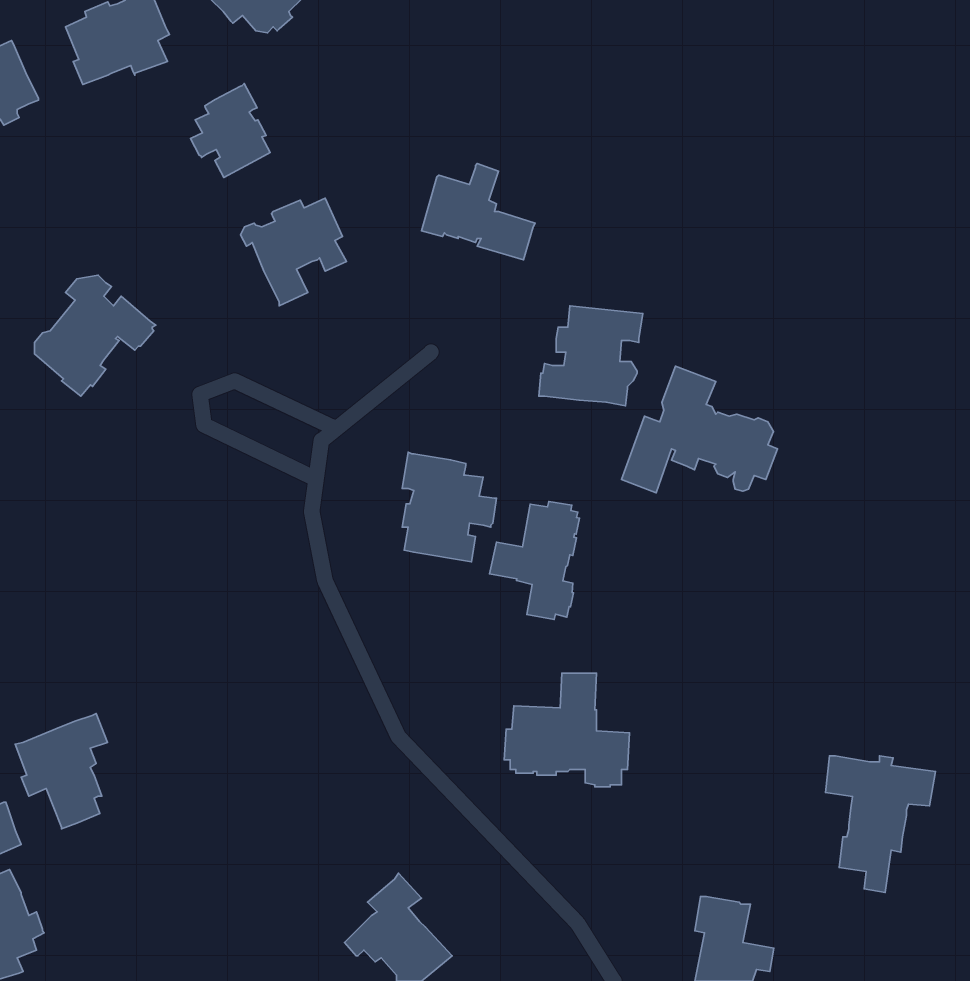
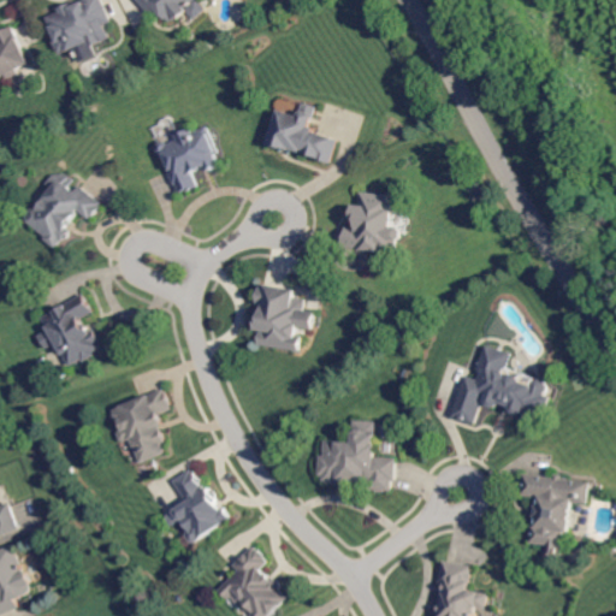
building: [190,83,270,177] -> none
building: [621,366,777,493] -> [450,345,547,425]
building: none -> [37,294,96,366]
building: [490,501,579,620] -> none
building: [15,714,108,829] -> [108,390,166,462]
building: none -> [164,468,229,543]

